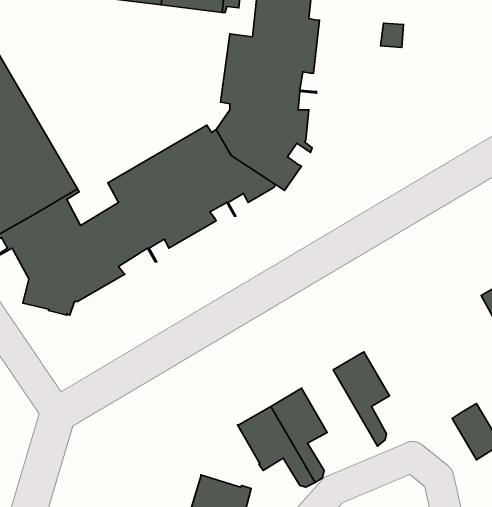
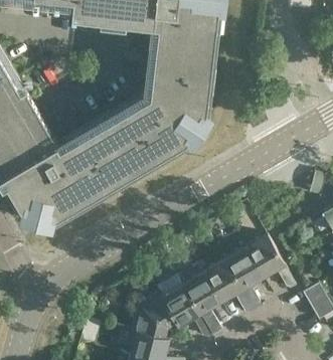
building: none -> [244,236,296,291]
building: none -> [203,262,254,316]
building: none -> [131,294,176,340]

